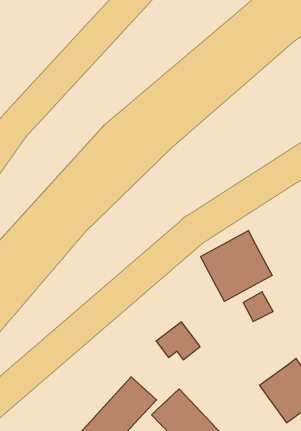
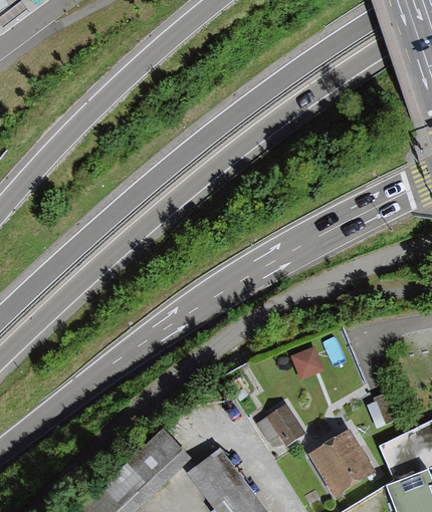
building: [201,230,272,301] -> none
building: [156,322,200,360] -> [256,404,304,446]

